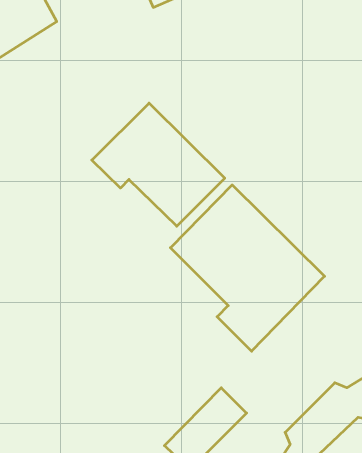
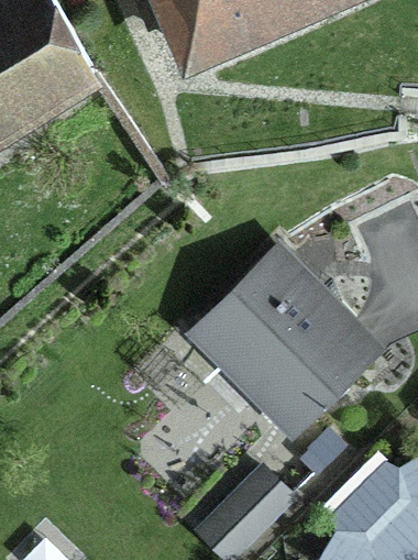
building: [92,103,225,226] -> none

